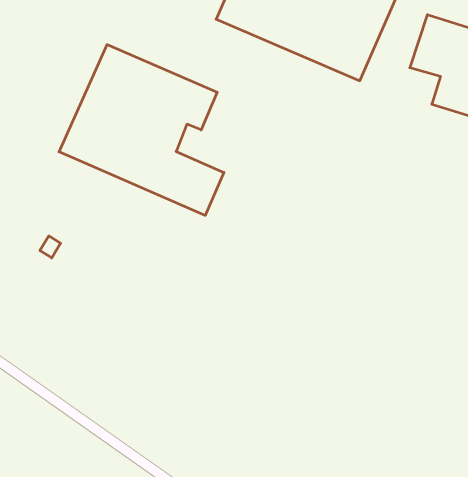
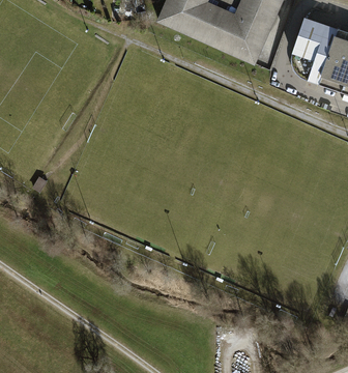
building: [59,45,224,215] -> none

